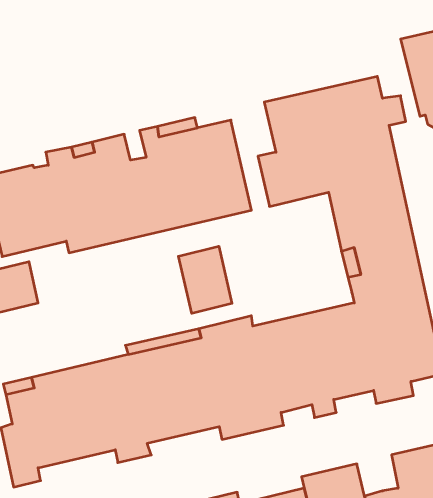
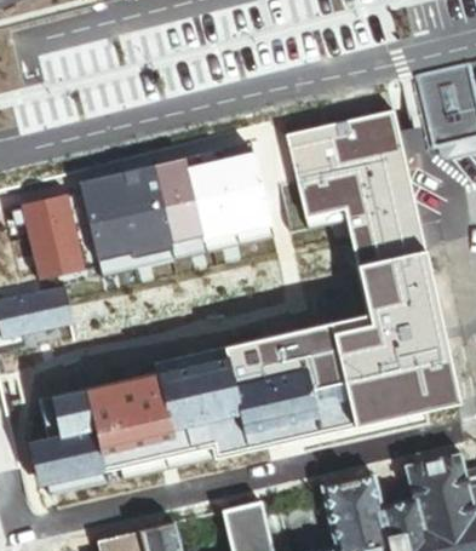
building: [178,246,232,313] -> none

